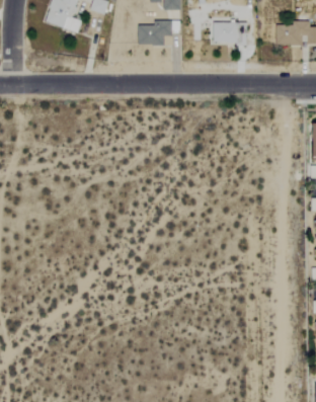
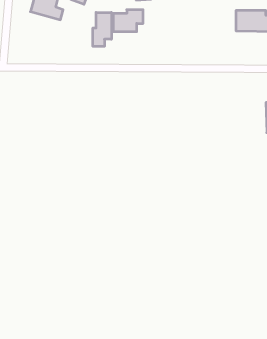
building: [213,21,247,44] -> none
building: none -> [93,12,111,46]

